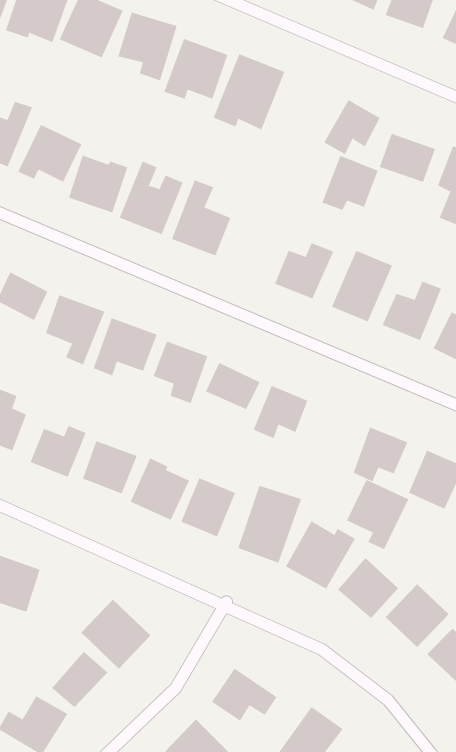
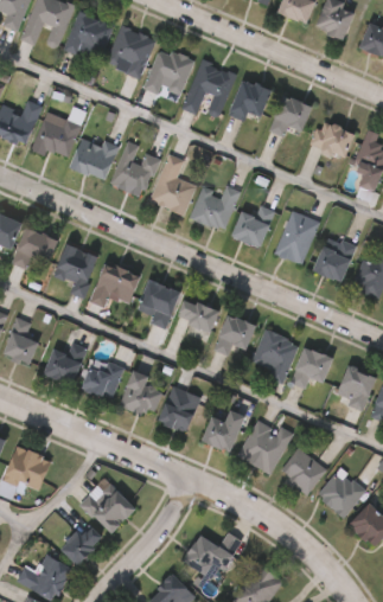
building: [321,155,378,211] -> [229,78,273,121]
building: none -> [191,185,241,231]
building: [346,479,409,550] -> [251,329,300,384]

